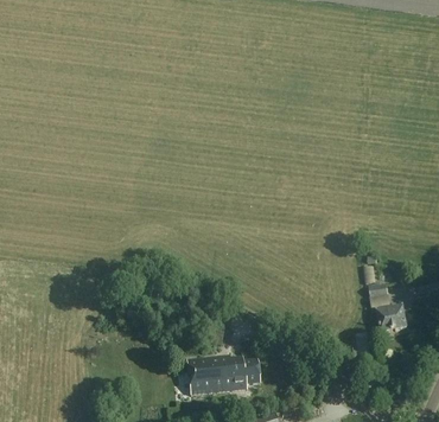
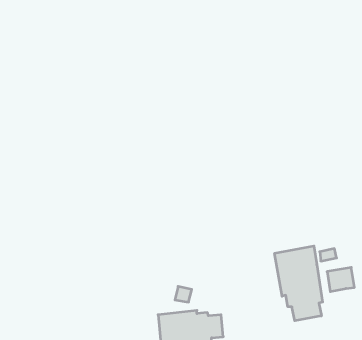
building: none -> [275,246,323,321]

